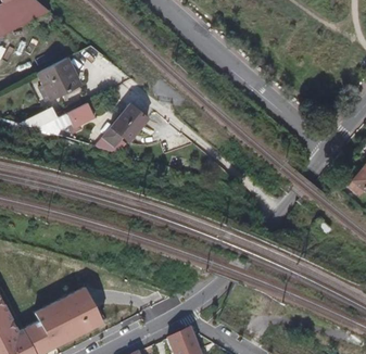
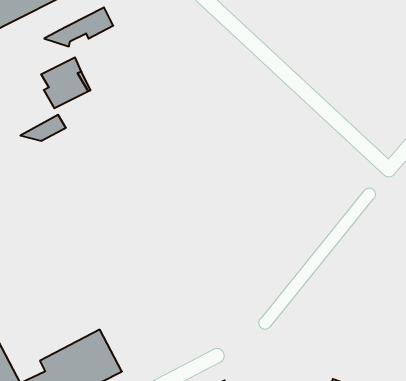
building: [37,102,94,135] -> [44,7,113,46]
building: [102,103,147,147] -> none

